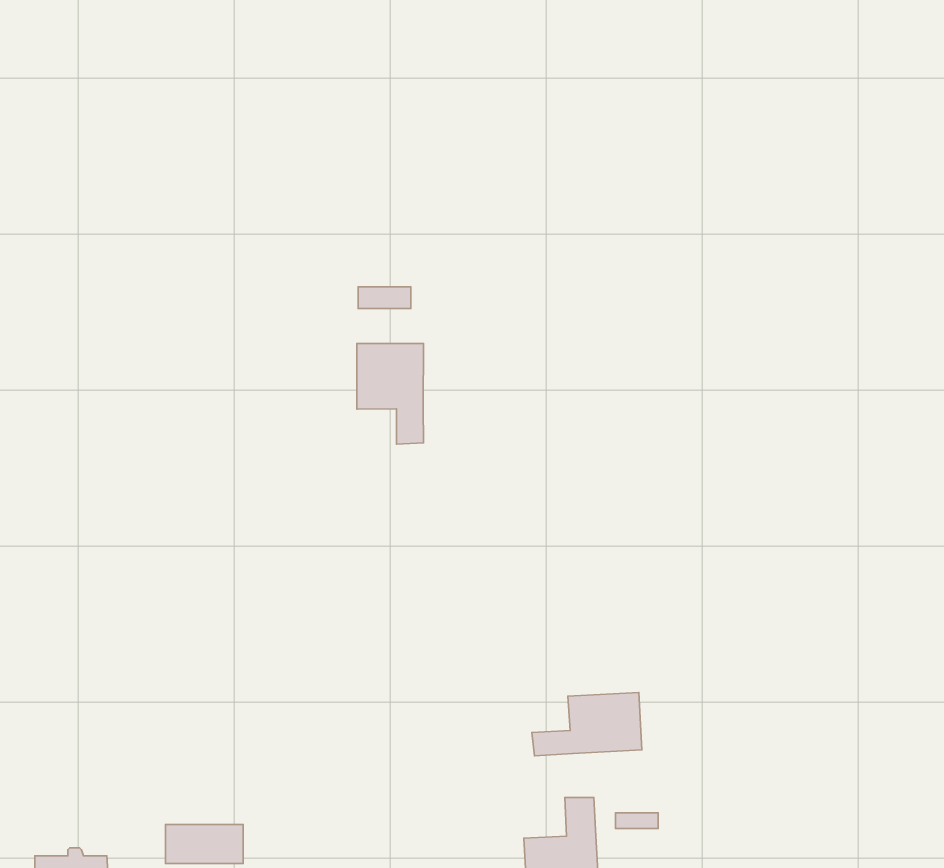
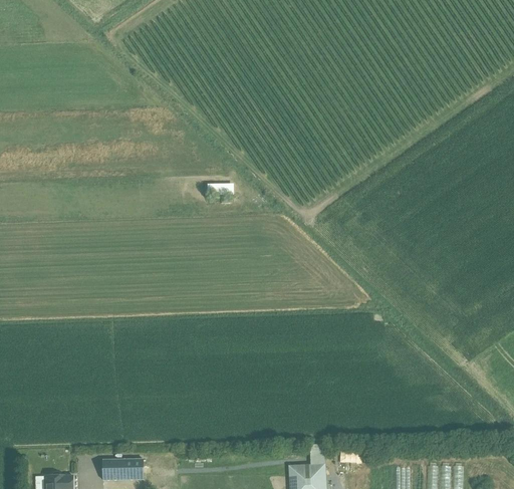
building: [357,344,423,444] -> none
building: [532,692,642,756] -> none

